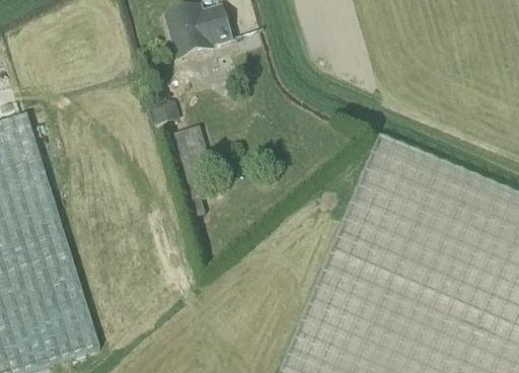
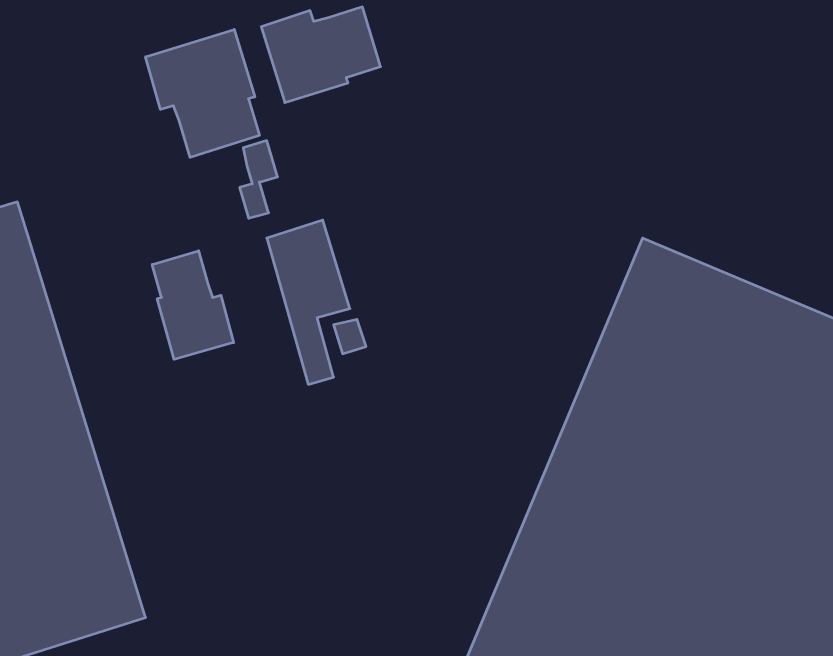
building: none -> [146,29,259,157]
building: none -> [152,251,234,359]

